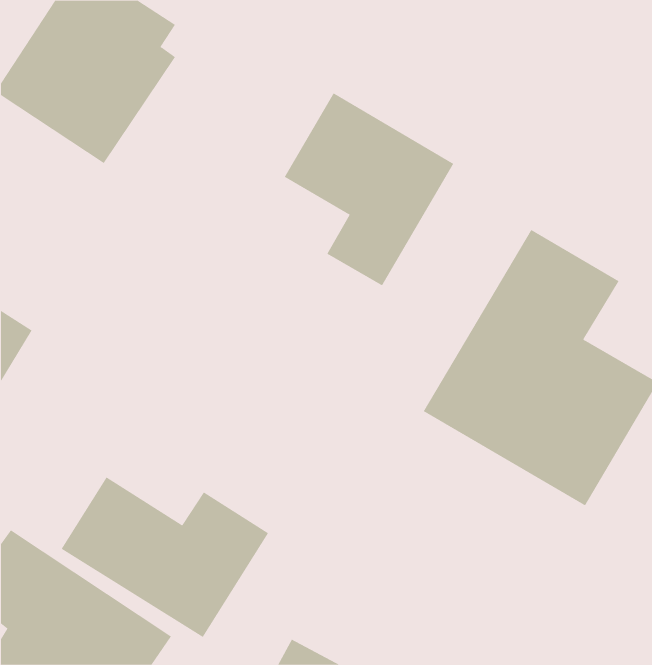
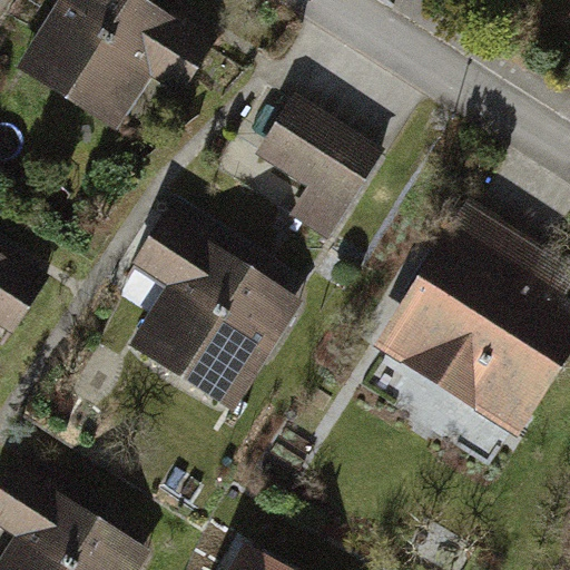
building: none -> [128,202,312,420]
building: [61,477,269,638] -> none

